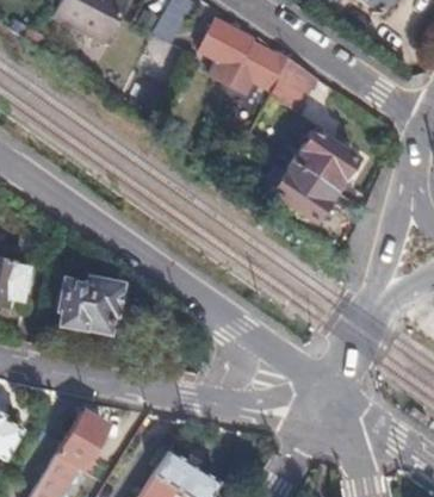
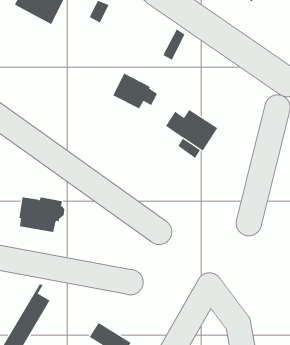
building: [200,21,262,72] -> [112,73,158,109]
building: [269,60,320,108] -> none
building: [292,131,354,188] -> none

